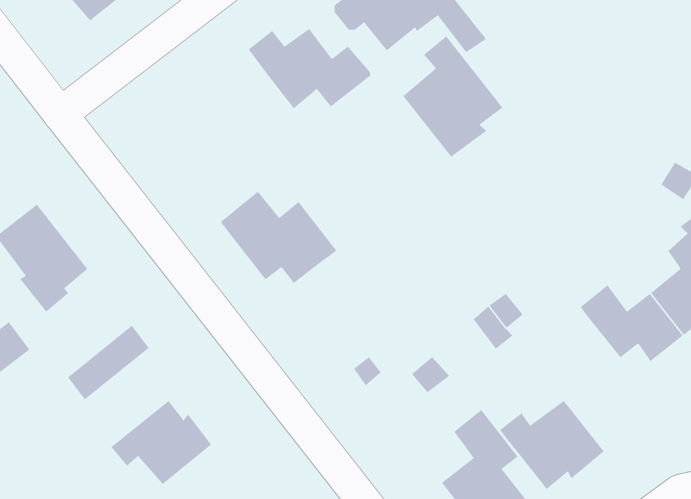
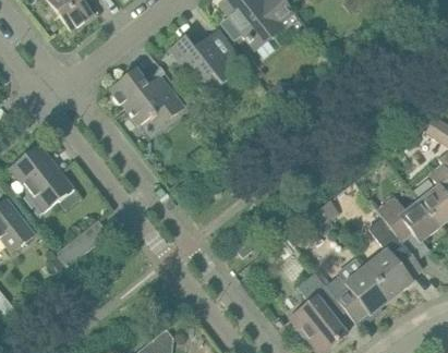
building: [403,36,503,158] -> none
building: [220,191,337,284] -> [110,69,183,126]
building: none -> [365,212,422,297]
building: [111,400,212,485] -> none

